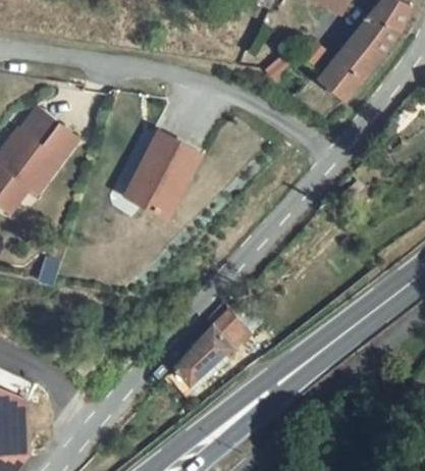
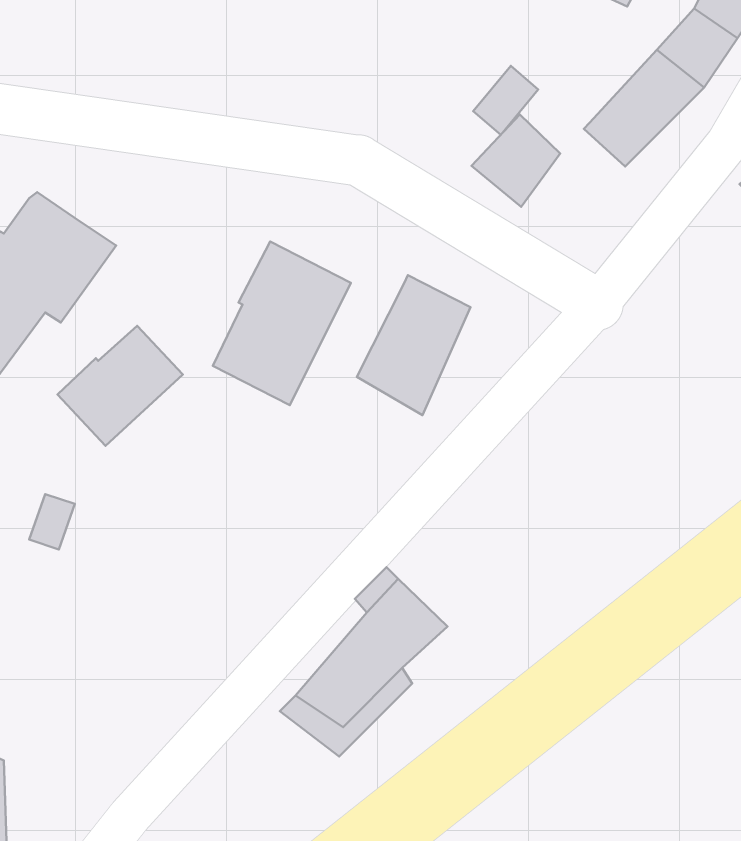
building: none -> [472,115,560,207]
building: none -> [357,275,470,415]
building: none -> [57,326,183,446]

